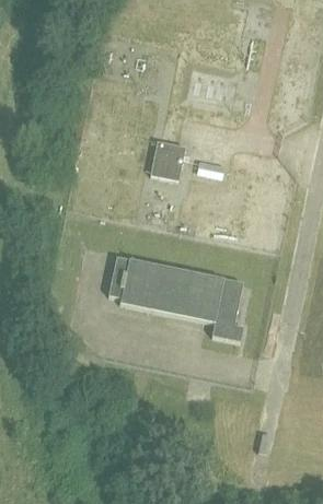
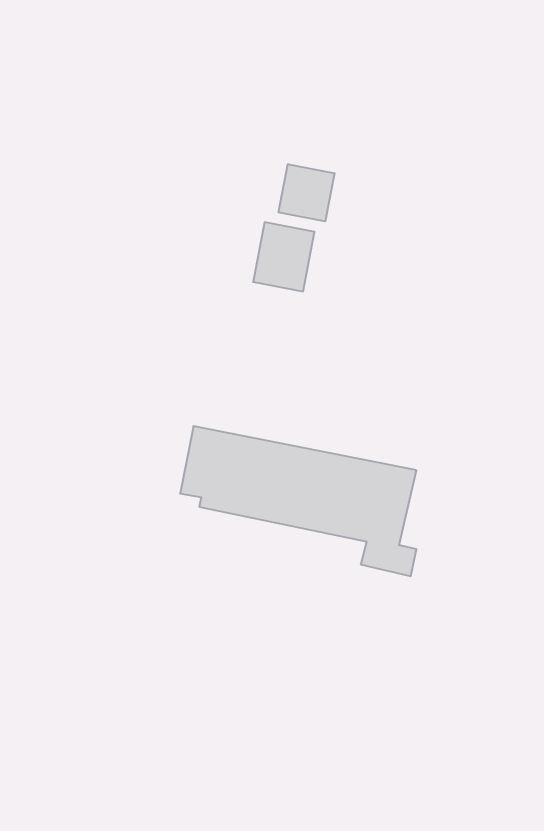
building: none -> [279,164,334,221]

